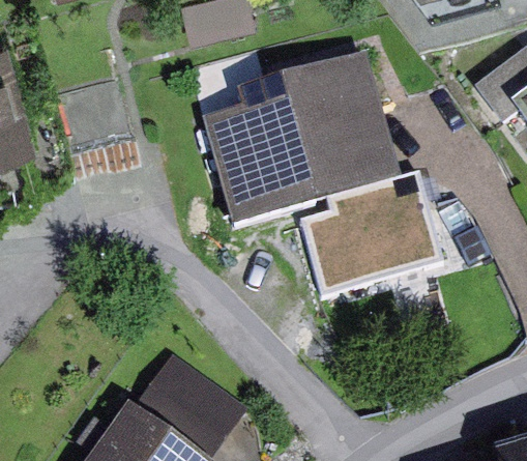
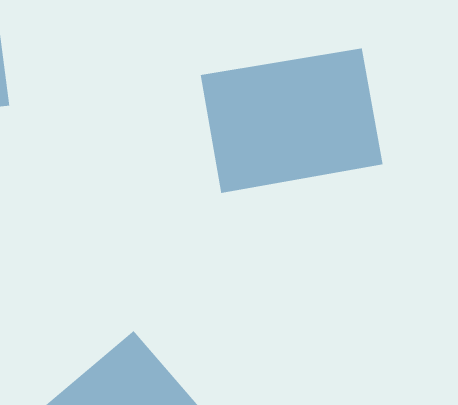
building: [294,180,433,292] -> none

